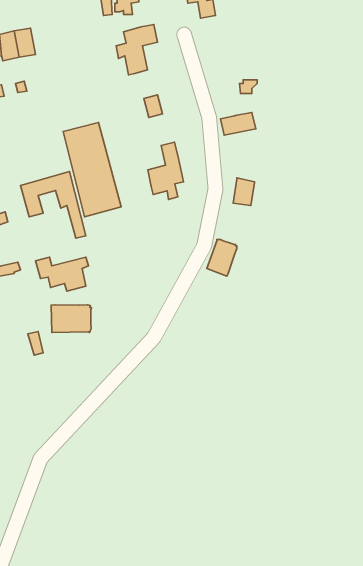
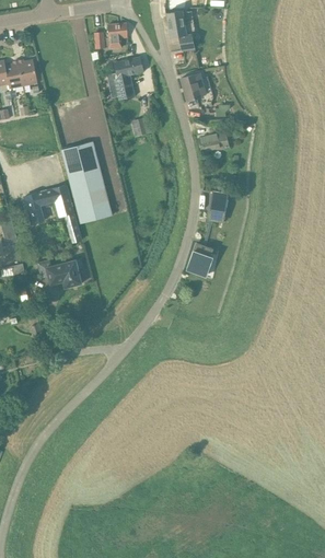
building: none -> [181,73,207,102]
building: [148,142,183,199] -> none
building: [51,305,91,332] -> none

